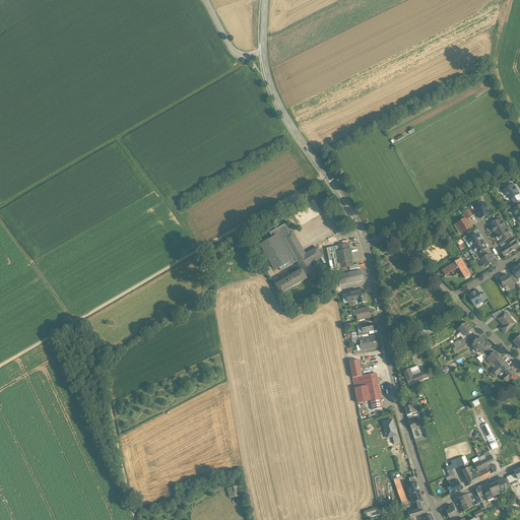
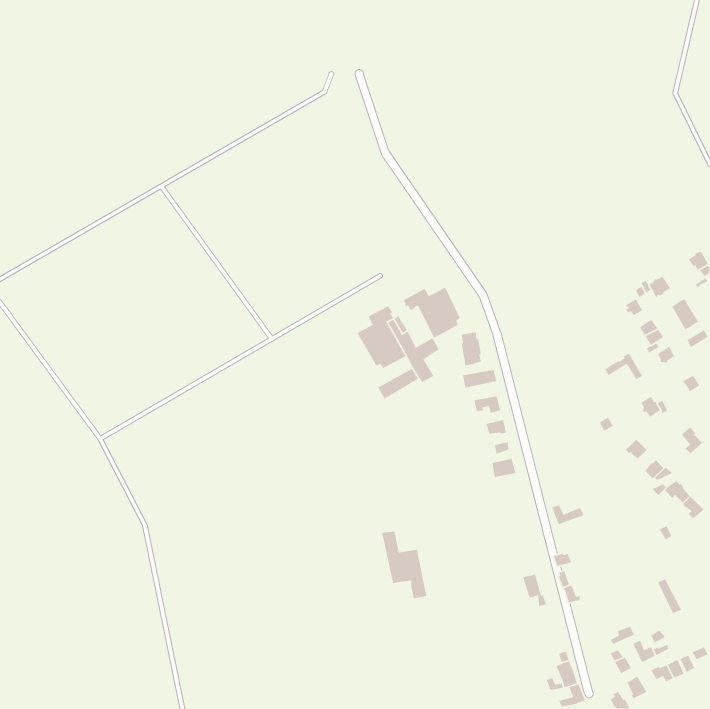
building: none -> [403,287,461,339]
building: [347,359,381,408] -> [381,531,427,599]

